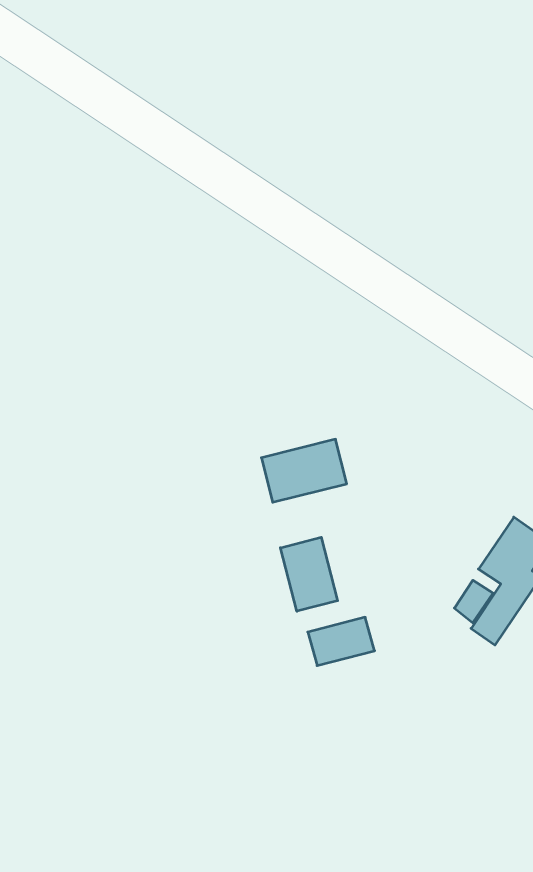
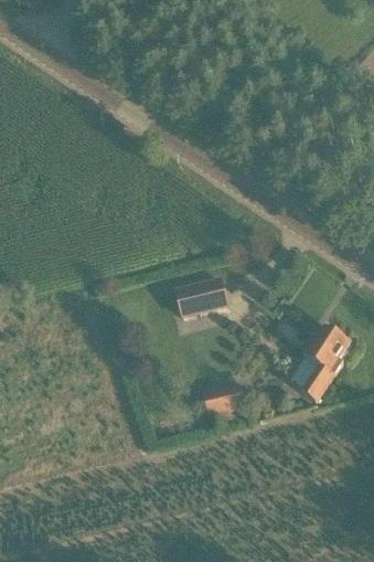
building: [280,537,338,611] -> none

